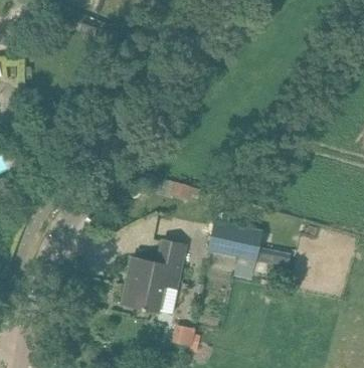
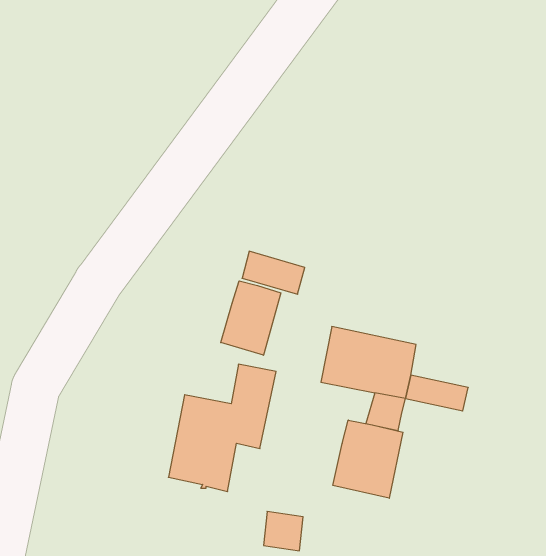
building: none -> [221,281,281,355]
building: none -> [333,420,403,498]

